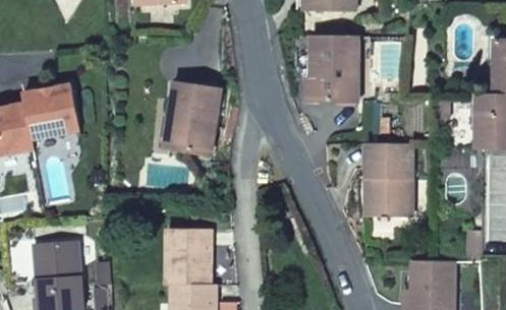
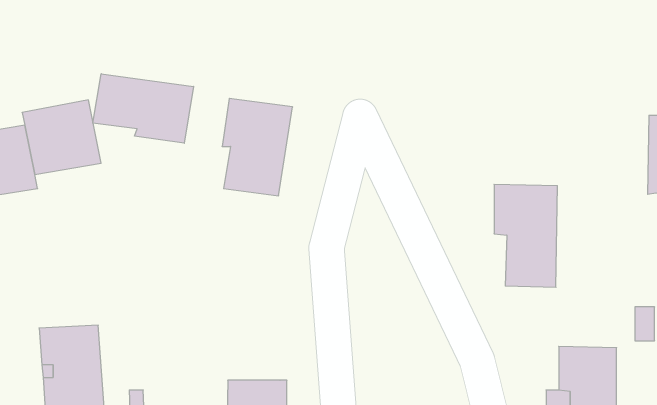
building: [312,35,357,101] -> none
building: none -> [93,74,194,143]
building: [168,229,211,285] -> none

